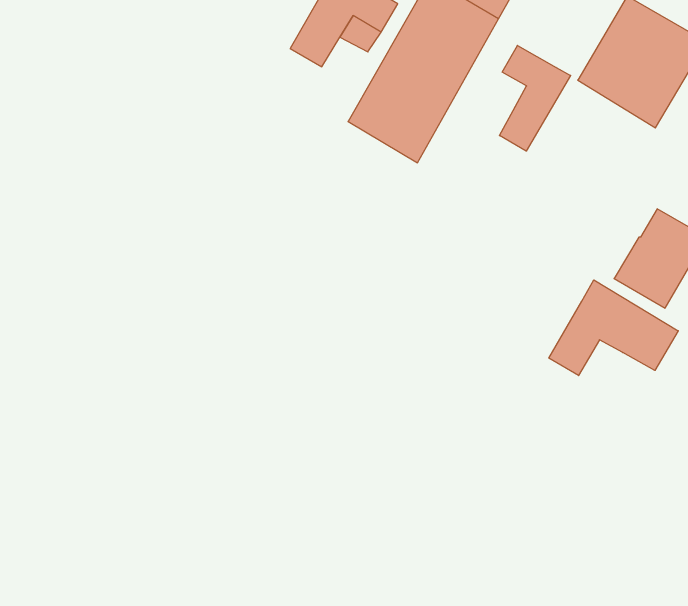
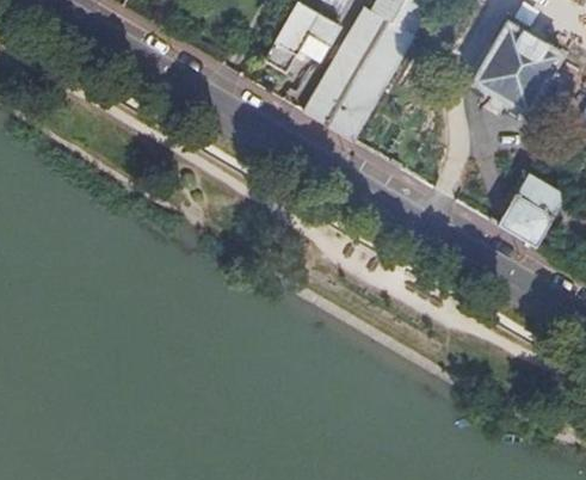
building: [499,45,571,151] -> none
building: [549,280,678,376] -> none

